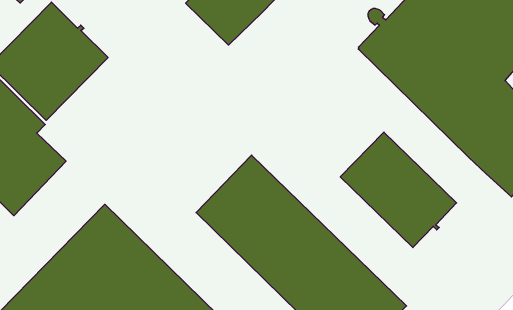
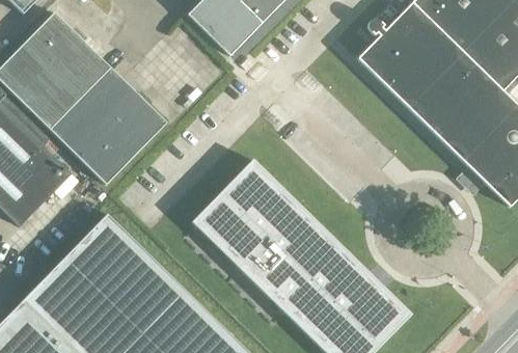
building: none -> [48,70,166,187]
building: [340,132,457,248] -> none

